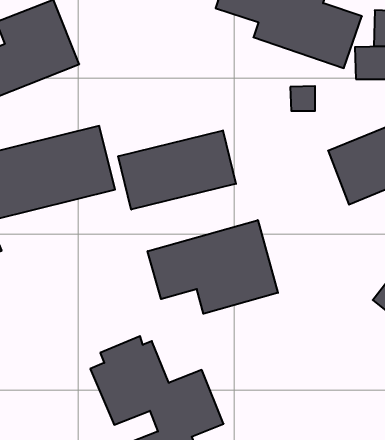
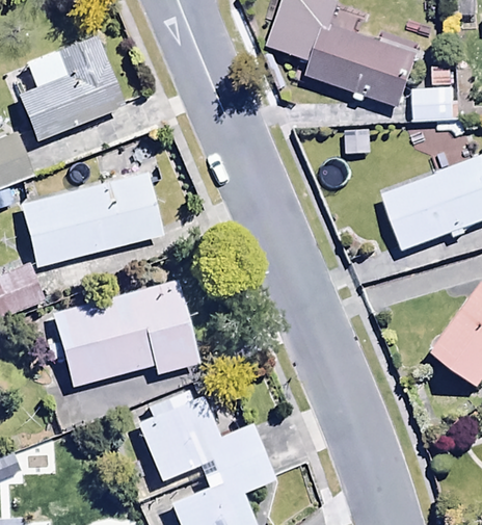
building: [118,130,236,210] -> none
building: [148,220,278,314] -> none
building: none -> [51,280,199,387]

